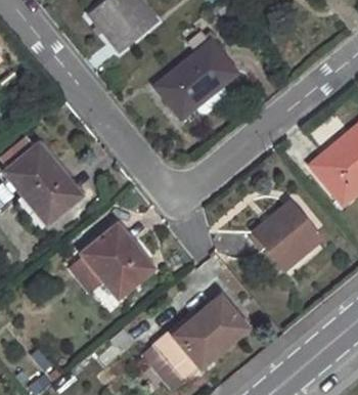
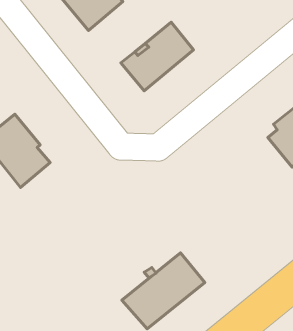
building: [253,203,319,269] -> none
building: [82,226,151,298] -> none

